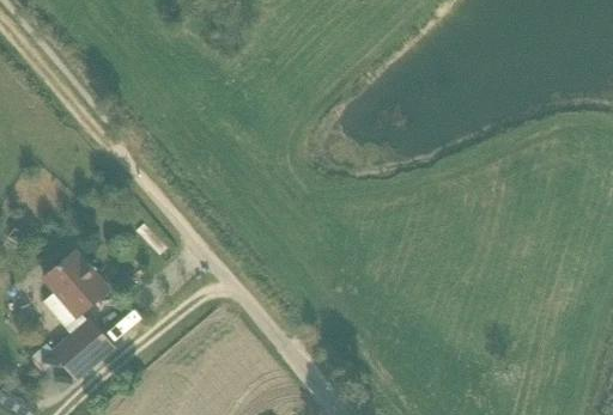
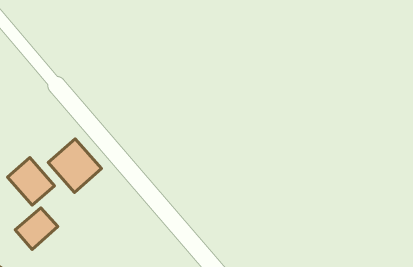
building: none -> [48,139,102,192]

